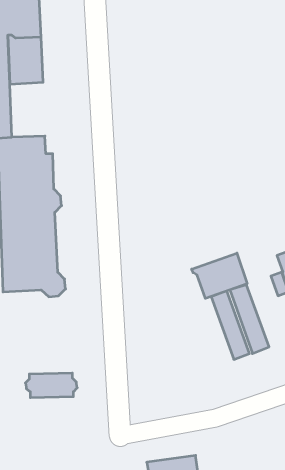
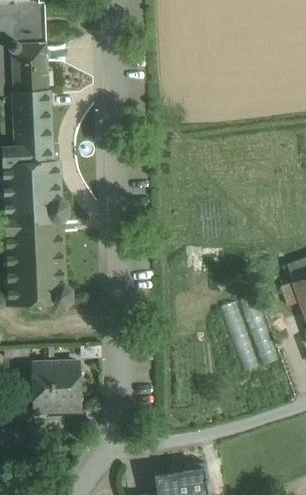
building: none -> [15,88,51,144]
building: [192,253,247,298] -> none
building: none -> [31,361,83,386]

